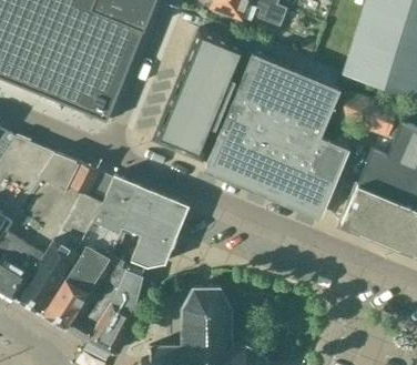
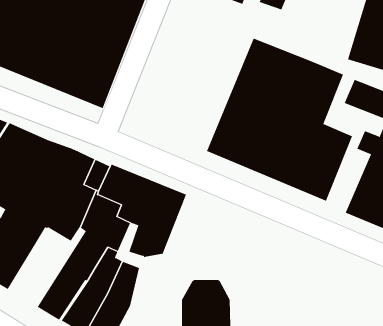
building: [153,30,248,161] -> none
building: [17,237,77,312] -> none

